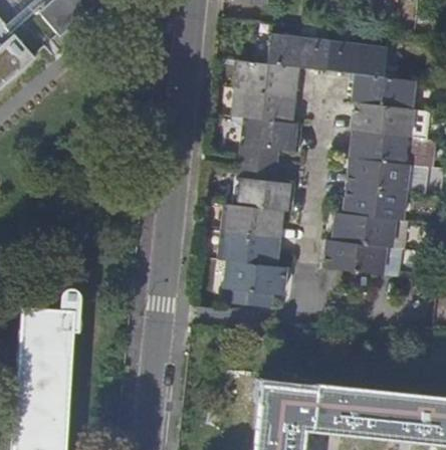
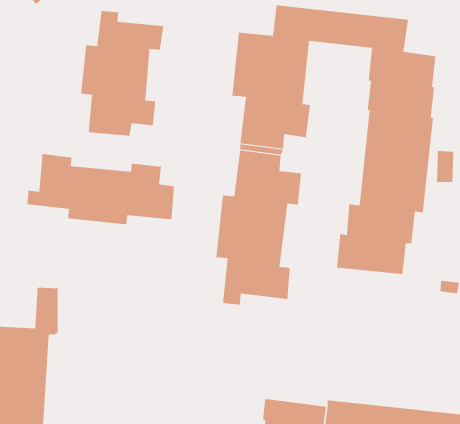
building: none -> [80,10,164,136]
building: none -> [27,153,175,225]

